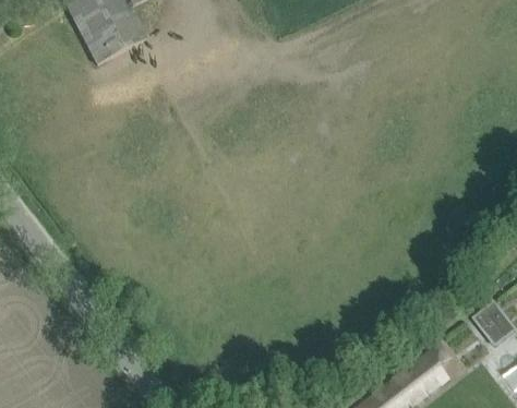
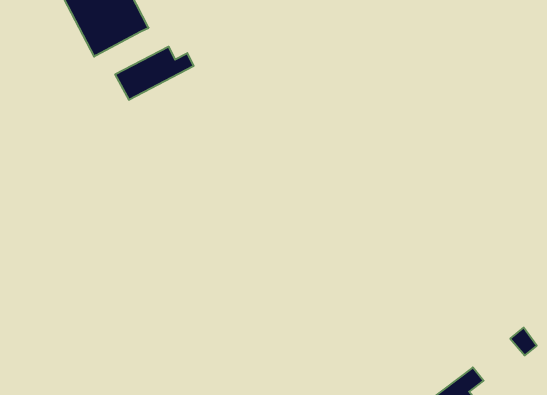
building: none -> [115,47,194,100]

